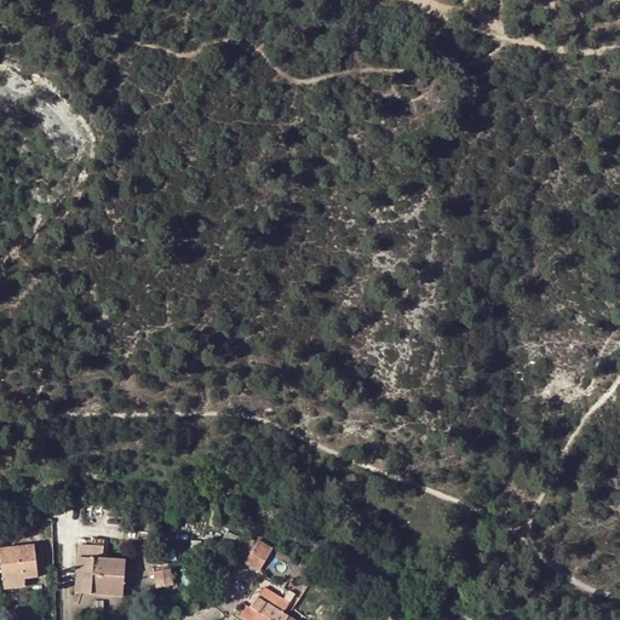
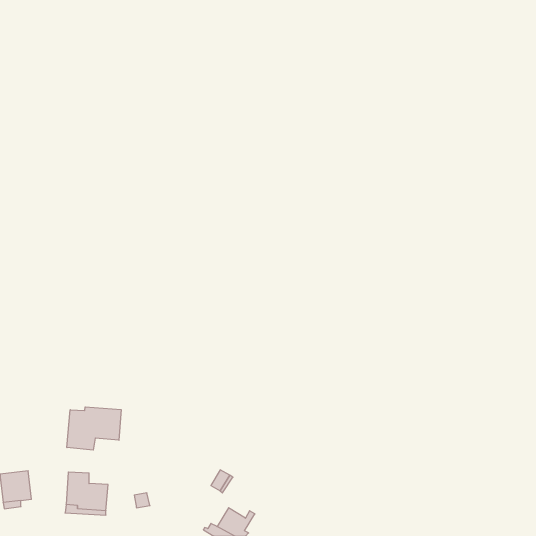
building: none -> [67,407,121,450]

